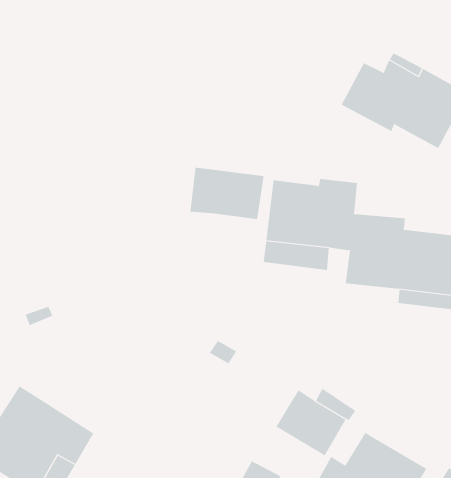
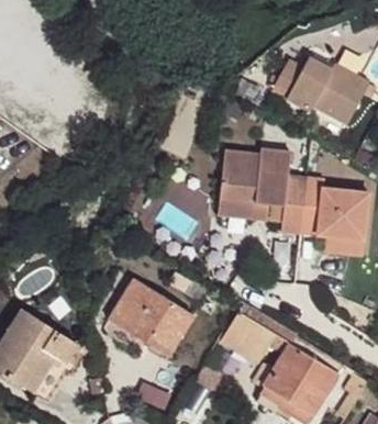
building: [190,167,264,220] -> none
building: none -> [110,279,193,356]

